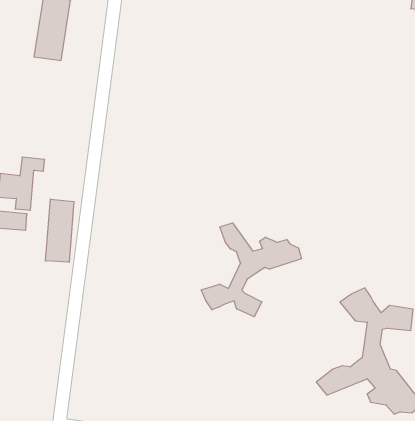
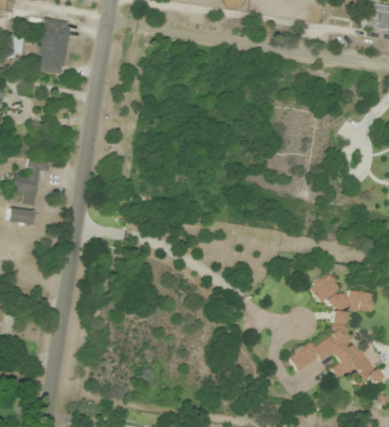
building: [45,199,74,262] -> none
building: [201,223,302,317] -> none

